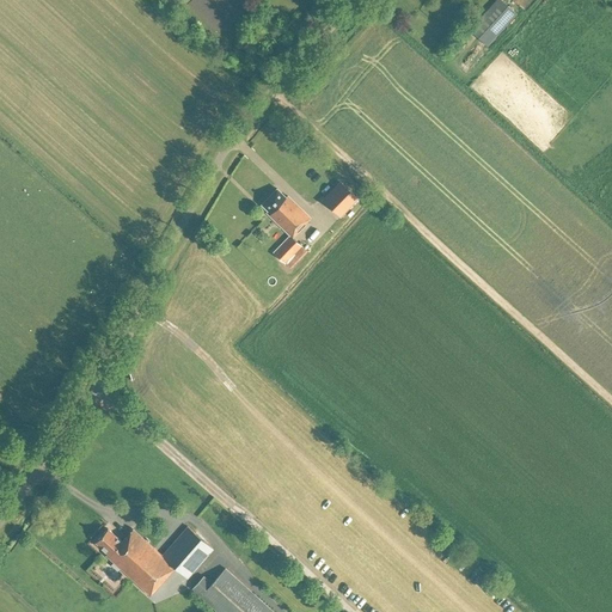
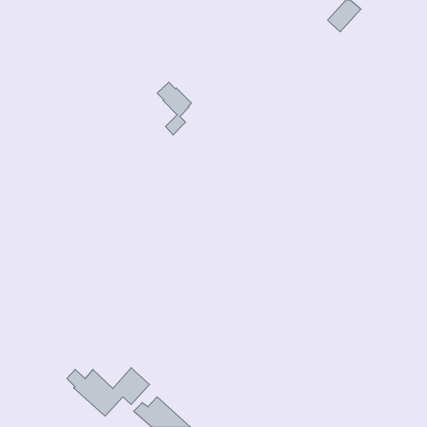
building: [322,188,355,221] -> none
building: [261,189,310,264] -> [157,82,191,135]

